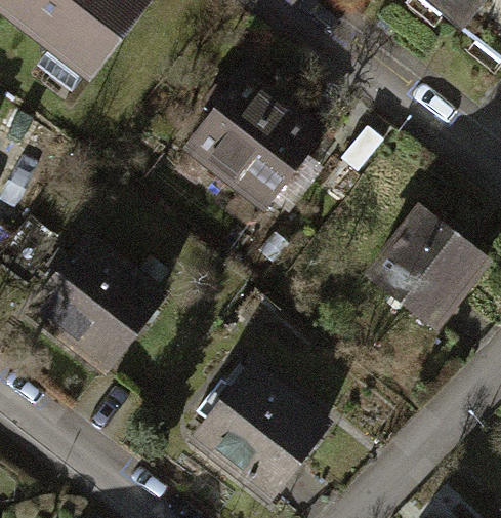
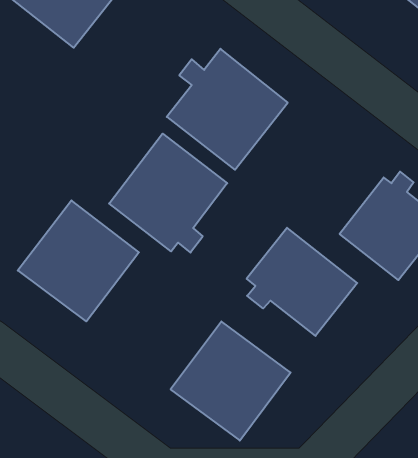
building: none -> [109,134,227,253]
building: none -> [247,228,357,336]

